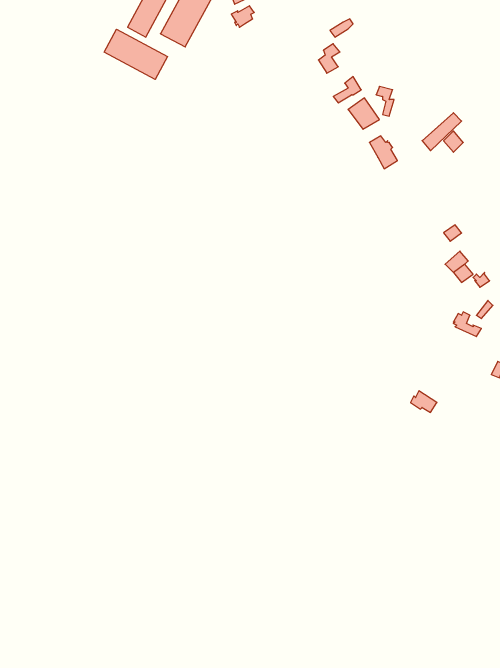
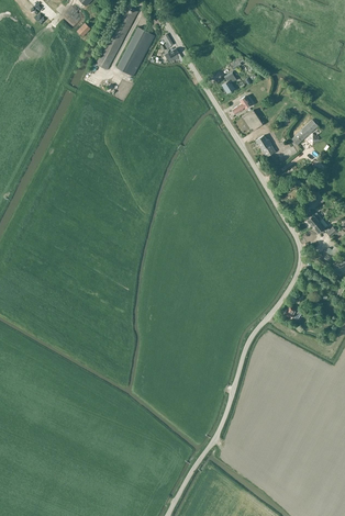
building: [104,29,168,79] -> none

